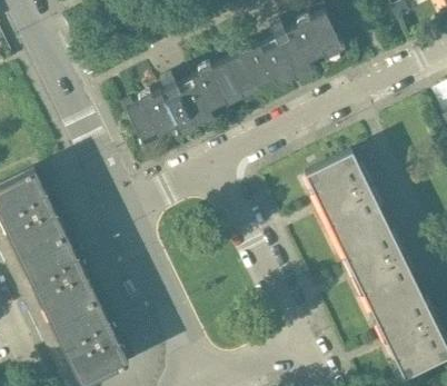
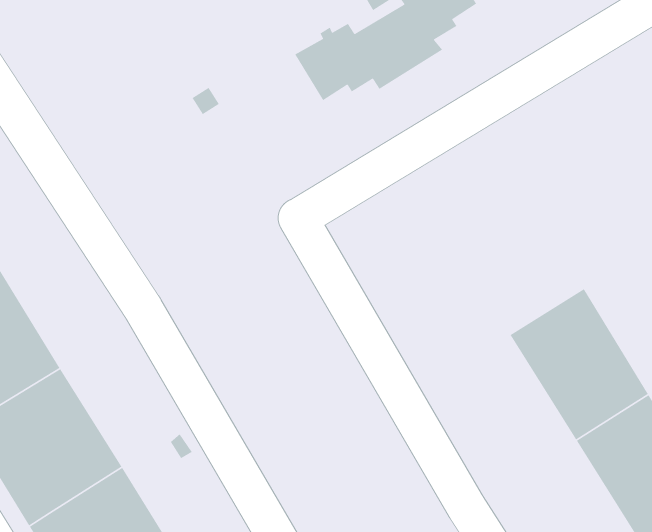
building: [127,59,240,137] -> none
building: [306,150,386,241] -> none

